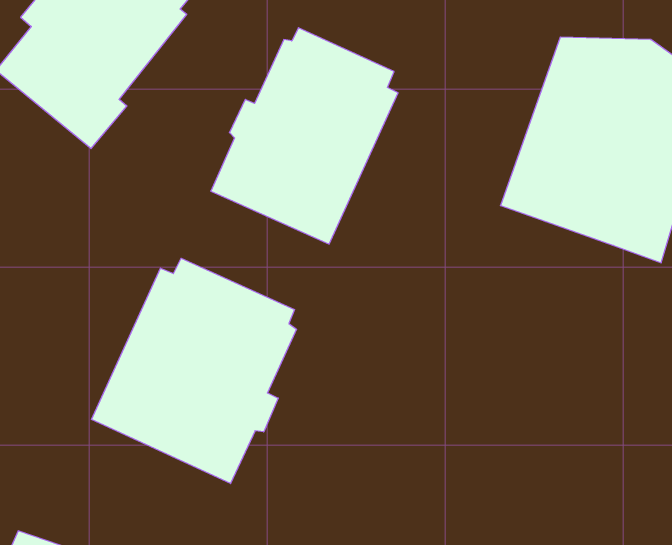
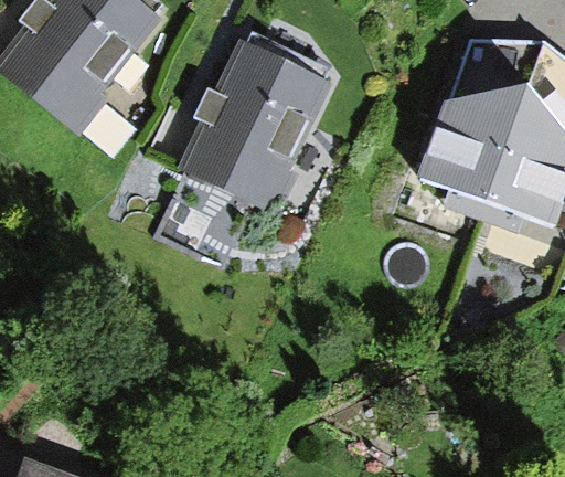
building: [91,258,296,484] -> none

